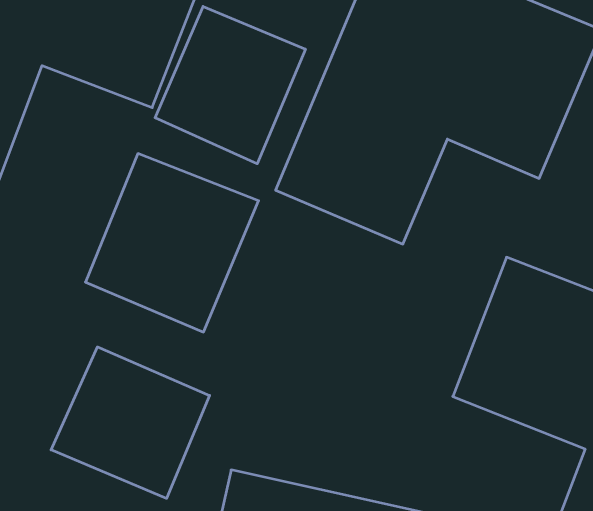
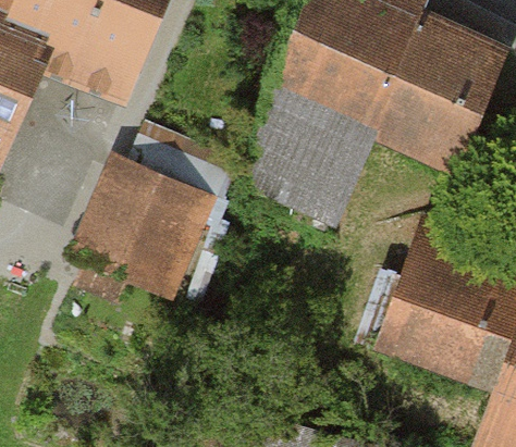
building: [155,6,305,164] -> none
building: [51,347,210,498] -> none

